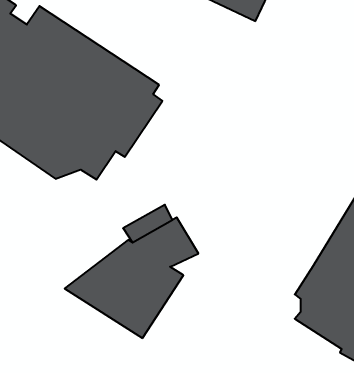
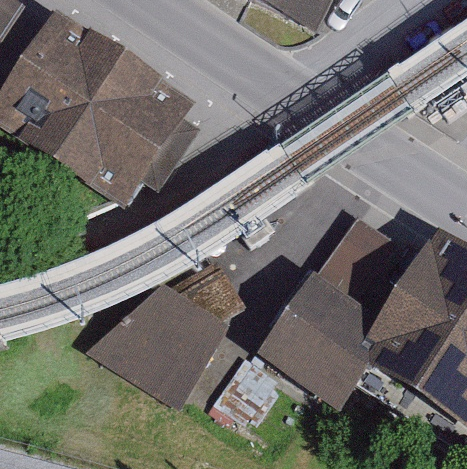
building: none -> [259,212,410,412]

